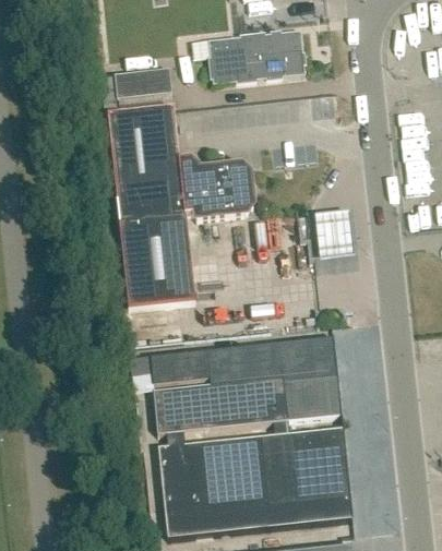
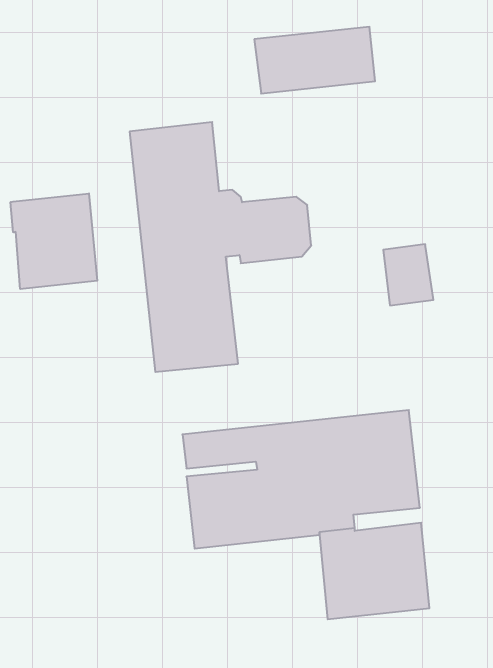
building: [116,67,172,97] -> none
building: none -> [11,193,97,289]
building: [158,436,353,537] -> none

